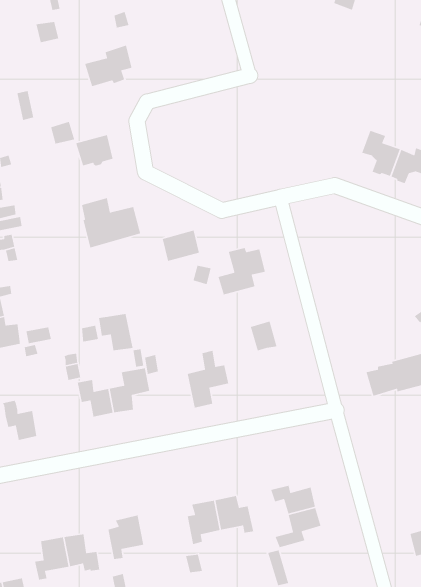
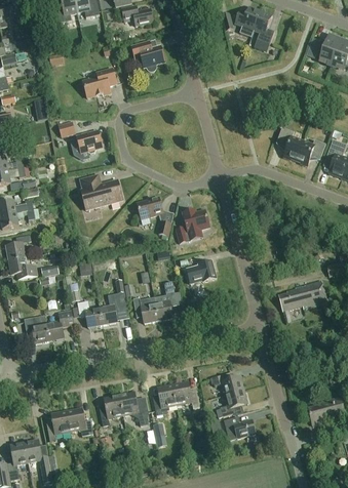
building: none -> [131,41,165,71]
building: [98,313,133,351] -> [134,296,159,323]
building: none -> [46,309,74,340]
building: none -> [120,392,148,424]
building: none -> [224,415,256,440]

